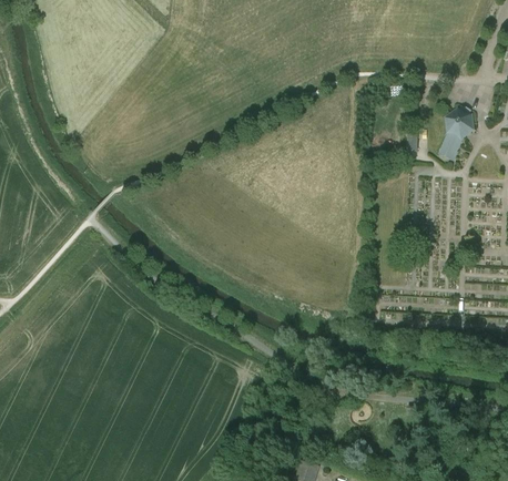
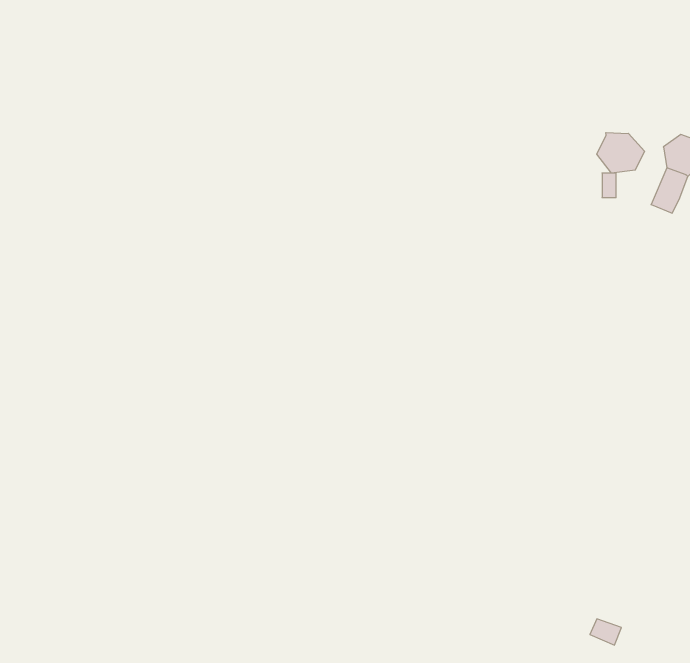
building: none -> [597,133,644,173]

